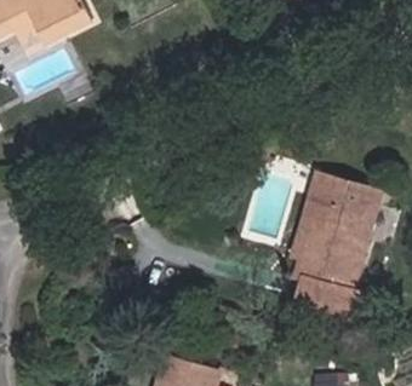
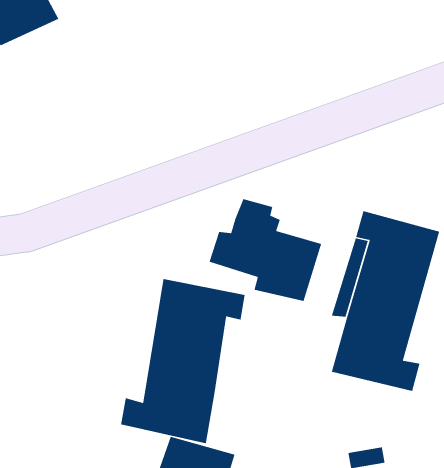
building: none -> [209,198,322,302]
building: none -> [120,278,246,444]

